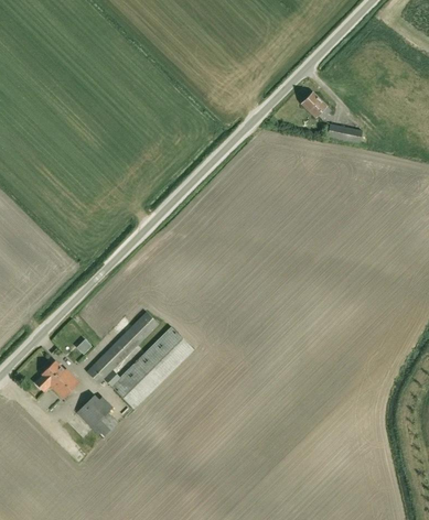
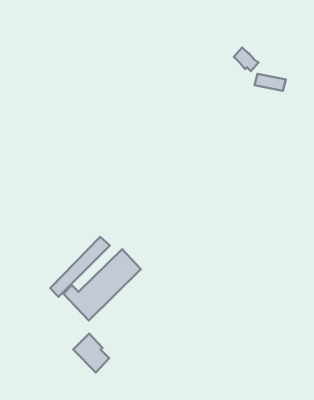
building: [34,360,78,396] -> none
building: [75,393,117,438] -> [73,333,109,372]

